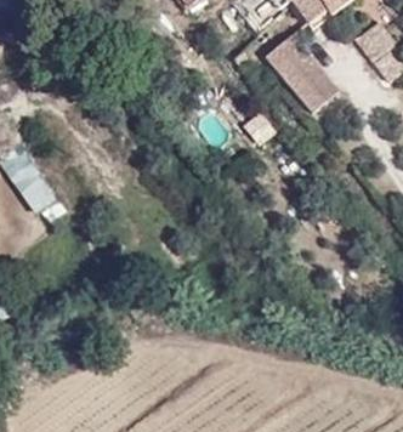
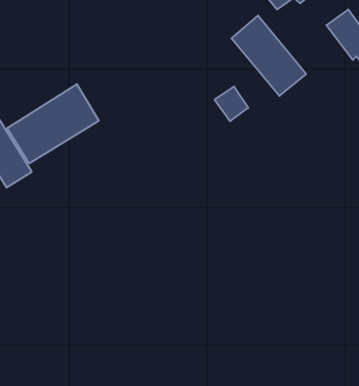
building: none -> [7,84,99,163]

